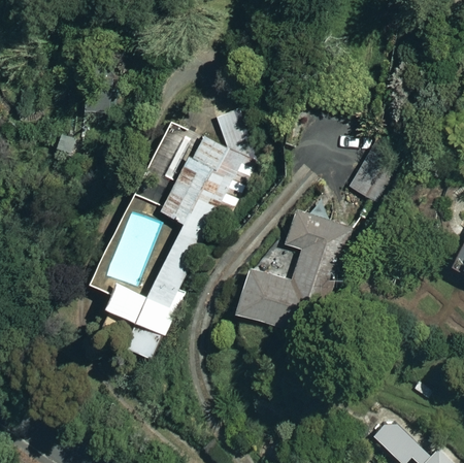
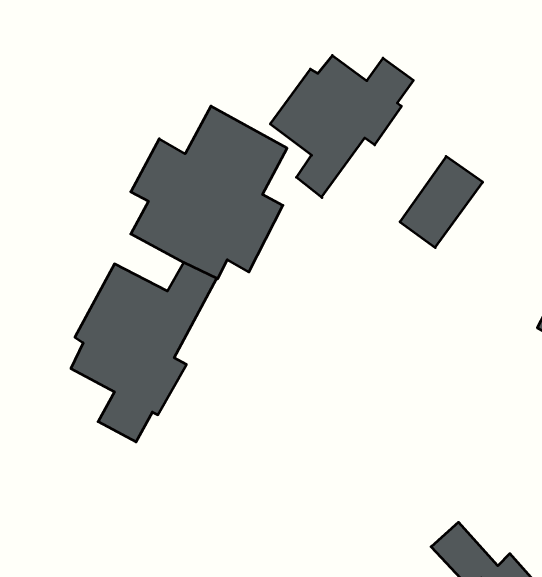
building: none -> [270,55,413,198]
building: [228,199,346,331] -> none

